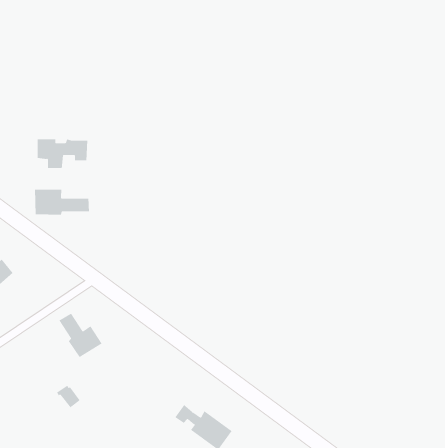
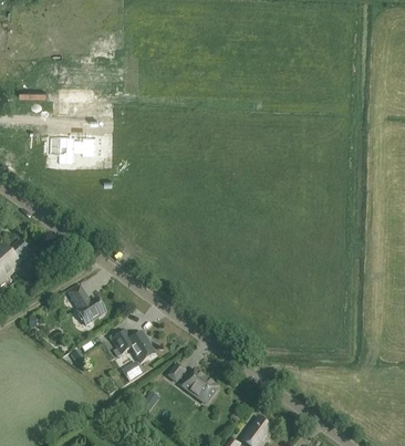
building: [34,189,90,216] -> none
building: none -> [111,330,154,363]

